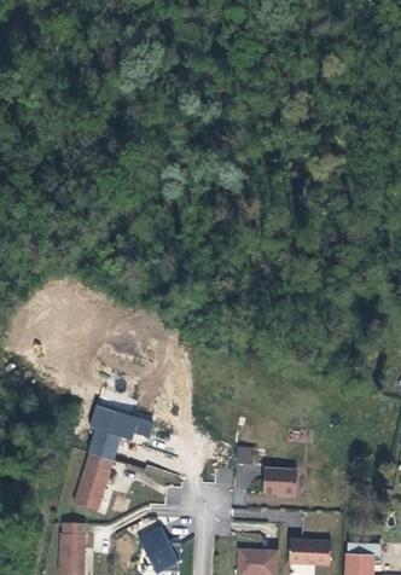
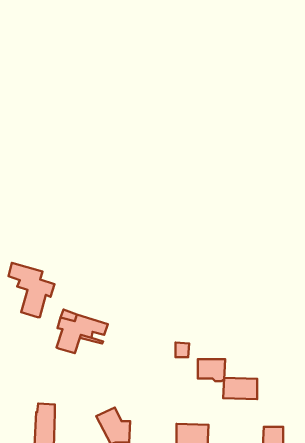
building: none -> [9,263,54,317]
building: [75,453,111,510] -> none
building: [289,536,331,563] -> [223,378,257,399]

